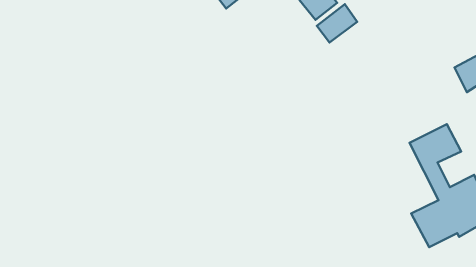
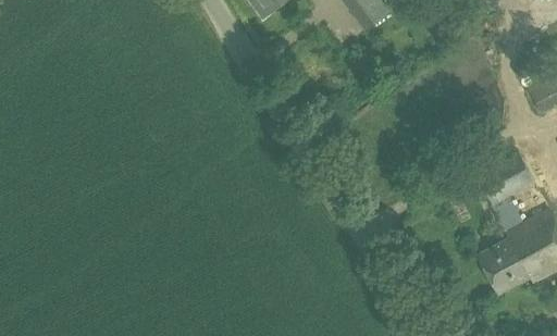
building: [317,4,357,43] -> none

